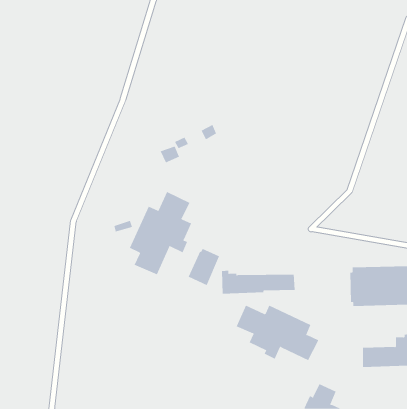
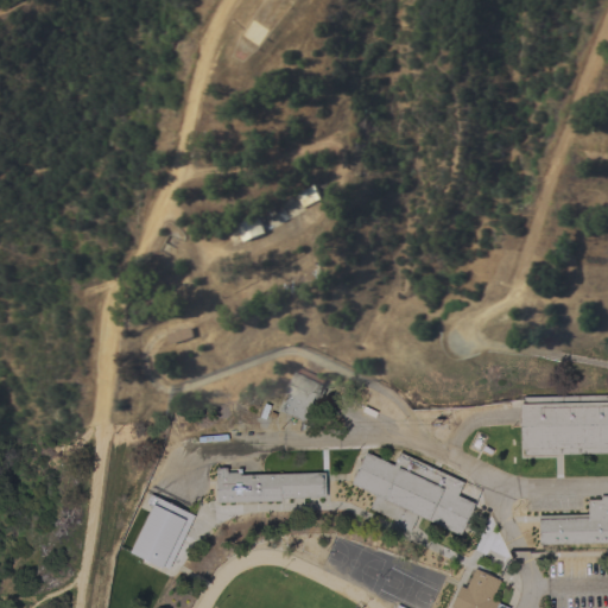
building: [129,191,192,275] -> none
building: [221,270,295,294] -> [217,468,328,504]
building: none -> [132,495,196,569]

